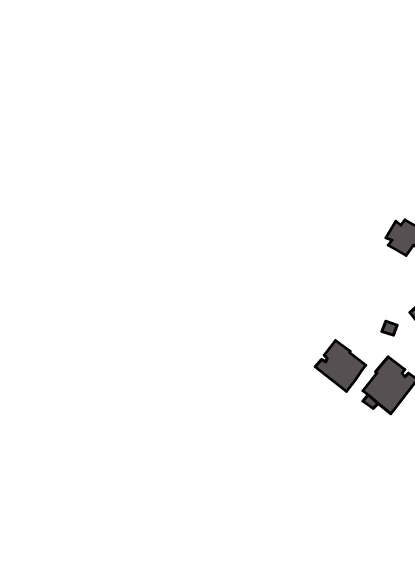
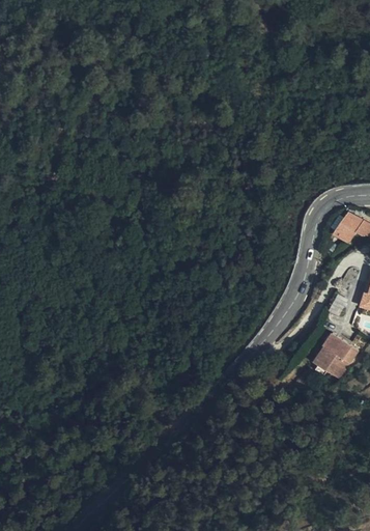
building: [315,341,366,391] -> none

